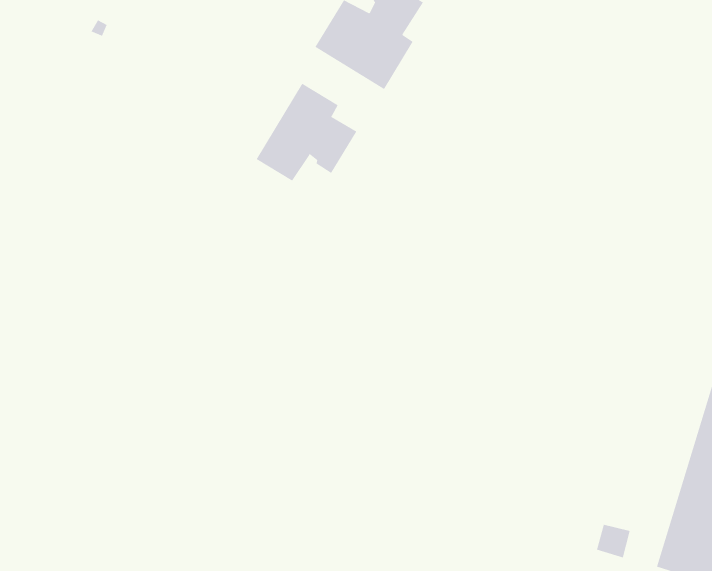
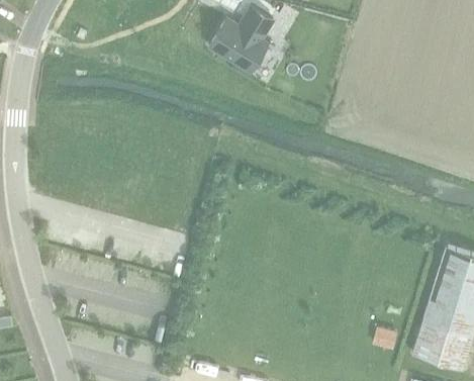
building: [256,83,357,181] -> none

